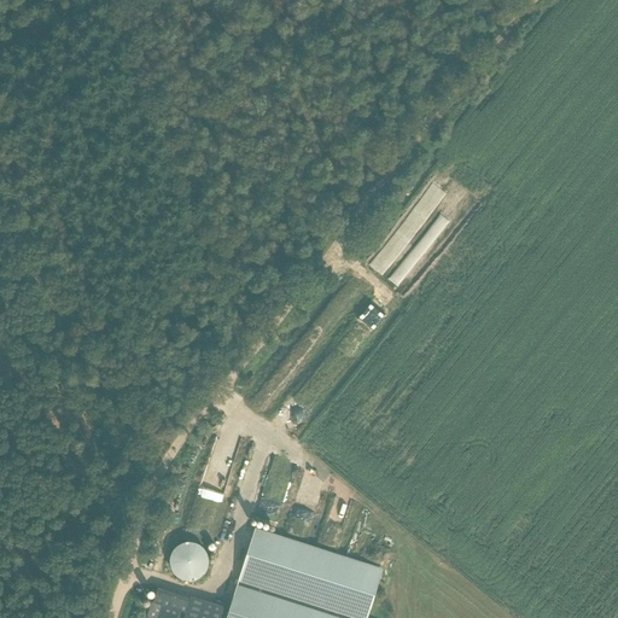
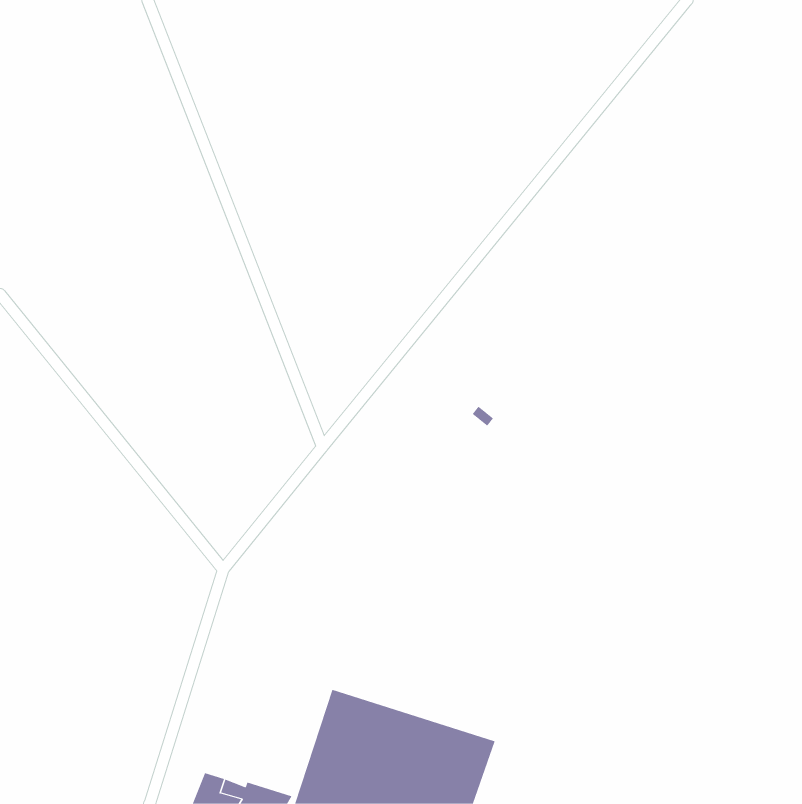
building: [181,543,208,577] -> none

